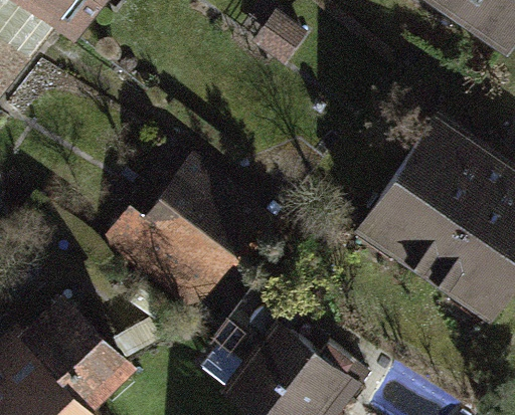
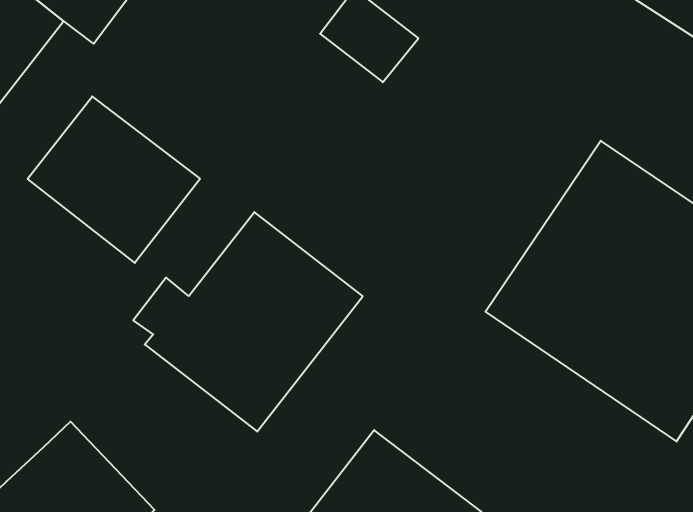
building: none -> [28,96,200,263]

